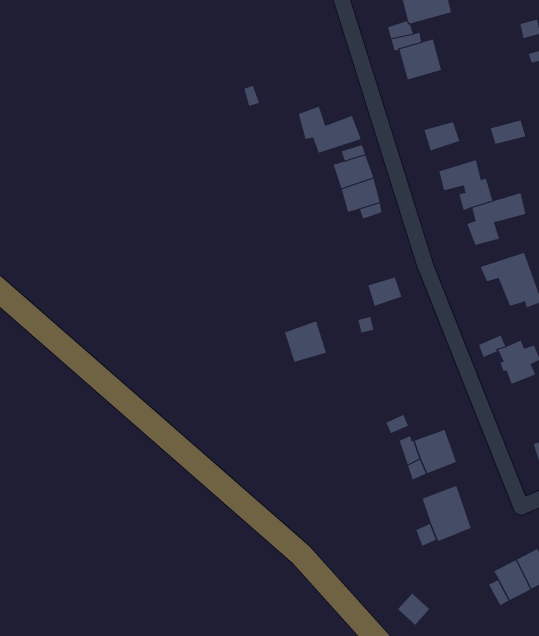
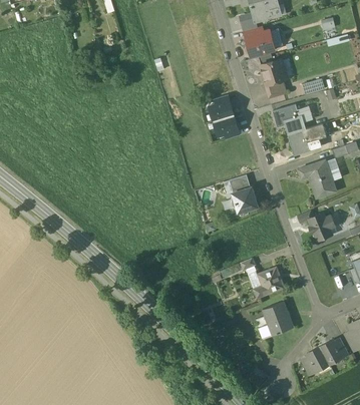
building: none -> [260,61,284,85]
building: [298,106,361,153] -> none
building: [284,321,327,363] -> [232,186,258,212]

